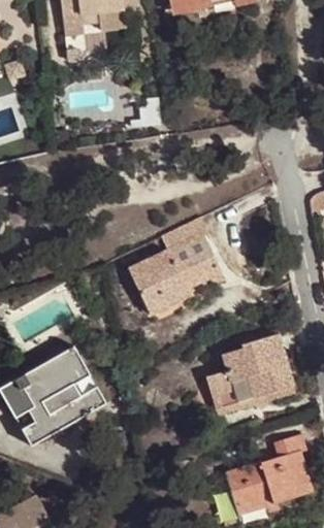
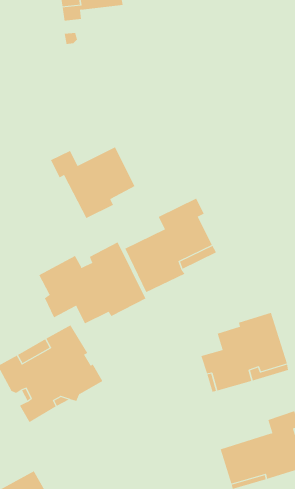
building: none -> [50,146,135,219]
building: none -> [38,242,146,324]

